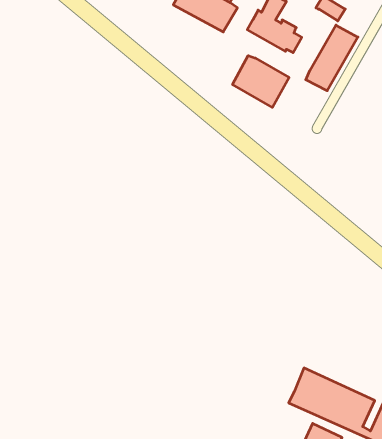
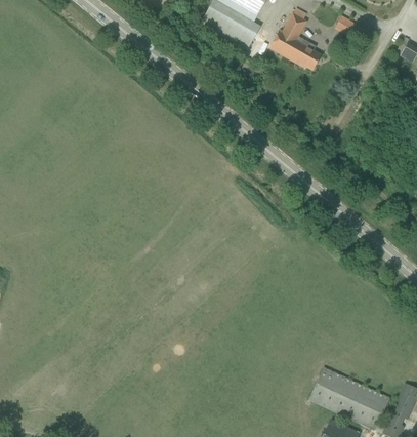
building: [306,25,358,91] -> none
building: [233,56,289,107] -> none

